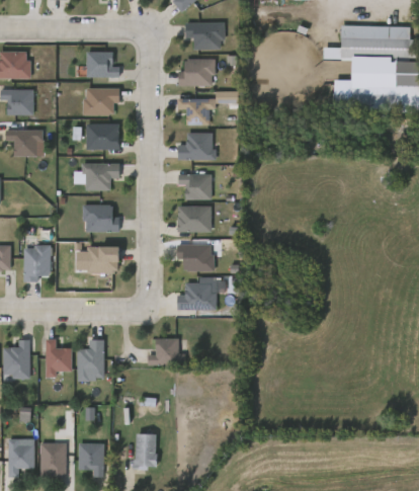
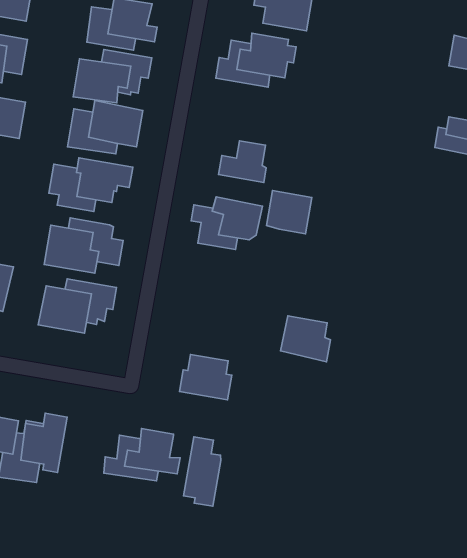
building: [180,97,212,122] -> none
building: [180,204,207,230] -> [266,191,312,234]
building: [179,243,212,269] -> [280,316,330,362]
building: none -> [183,437,221,506]

